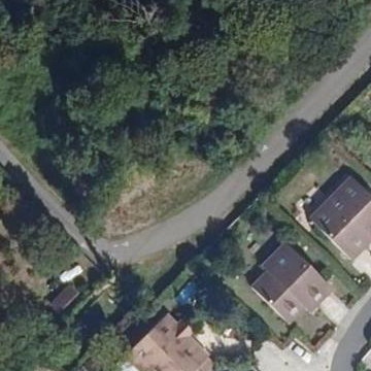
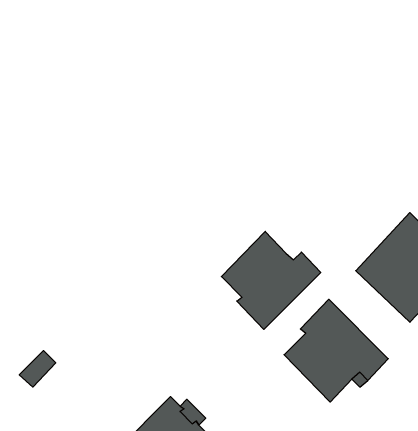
building: none -> [221,231,321,329]

